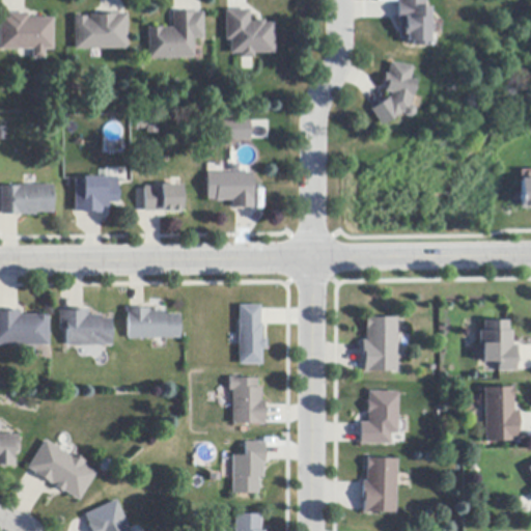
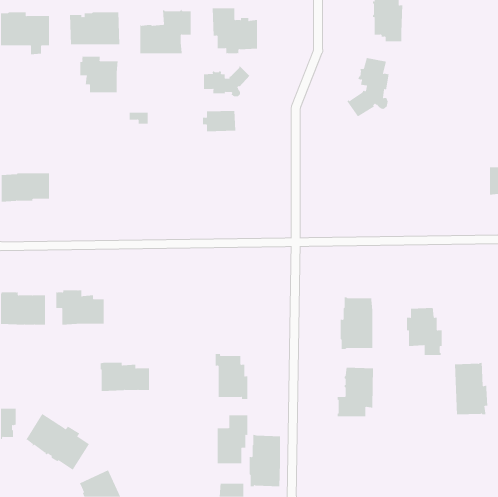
building: none -> [80,56,118,93]
building: none -> [204,65,250,97]
building: [208,171,254,206] -> none
building: [75,175,120,212] -> none
building: [145,184,183,211] -> none
building: [239,304,267,363] -> none
building: [127,307,179,338] -> [100,362,150,391]
building: [479,319,518,370] -> [406,308,442,355]
building: [362,456,396,512] -> [249,434,281,487]

